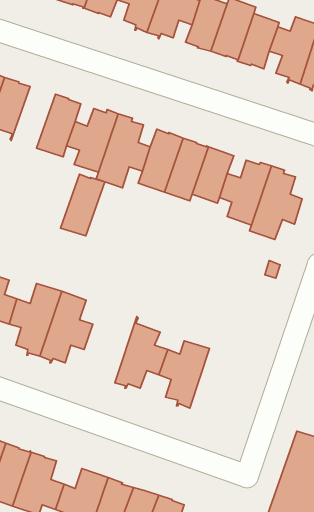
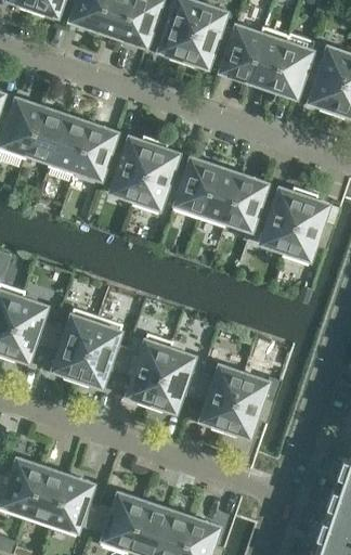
building: [61,174,105,236] -> [49,115,92,176]
building: none -> [120,334,172,406]
building: none -> [224,373,276,438]

